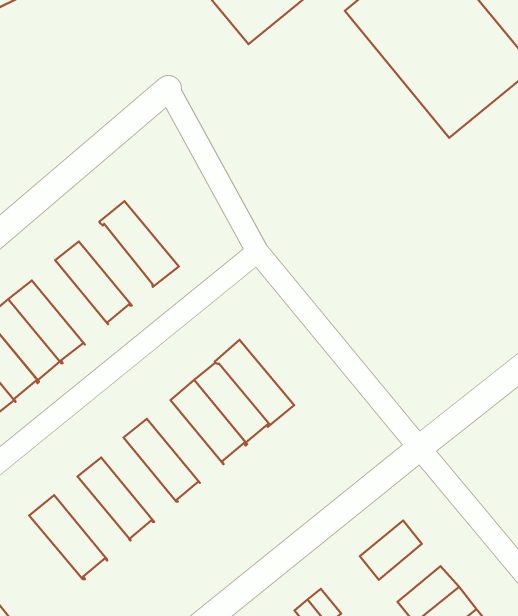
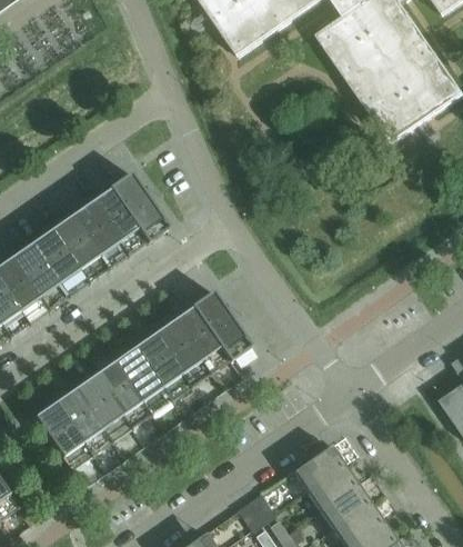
building: none -> [90,187,145,255]
building: none -> [50,213,108,282]
building: none -> [132,332,190,400]
building: none -> [93,359,150,428]
building: none -> [53,387,111,455]
building: none -> [305,464,355,508]

